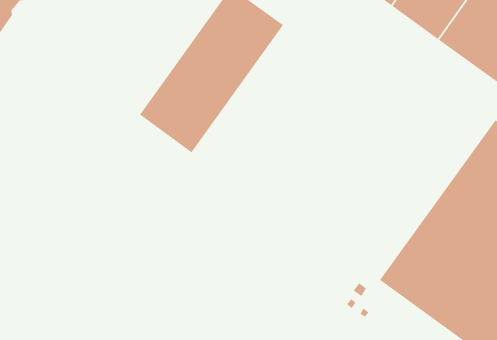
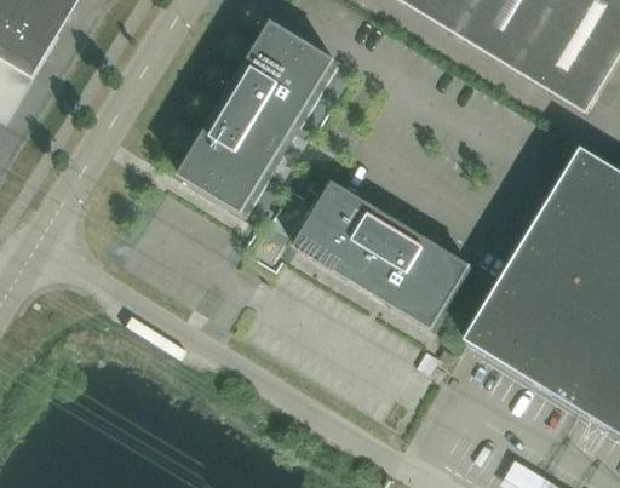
building: none -> [293,180,470,327]

